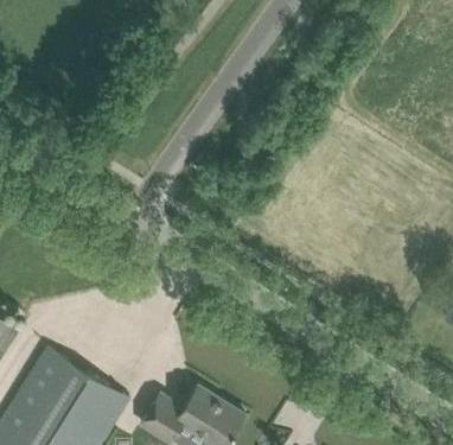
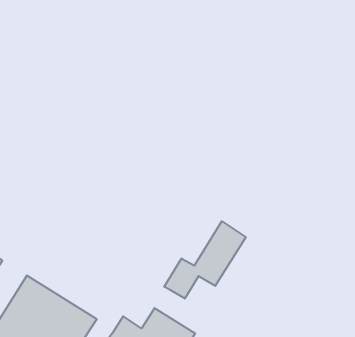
building: none -> [164,221,246,299]

